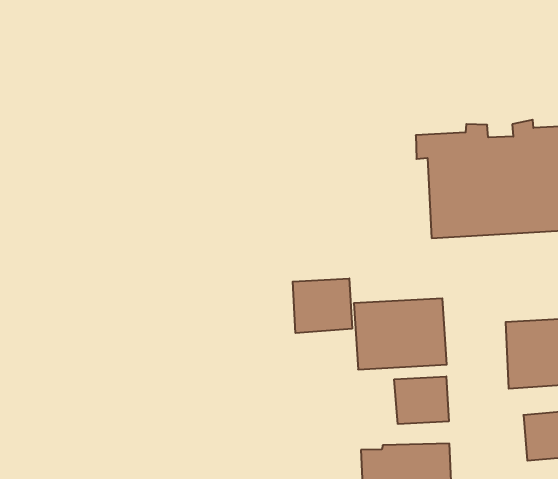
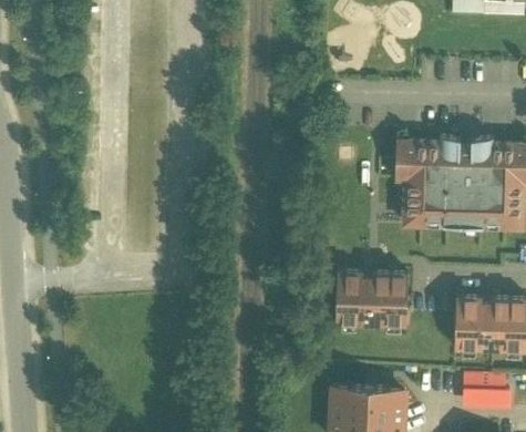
building: [293,278,352,333] -> none
building: [394,376,449,424] -> none

